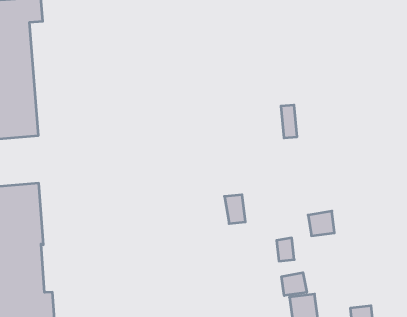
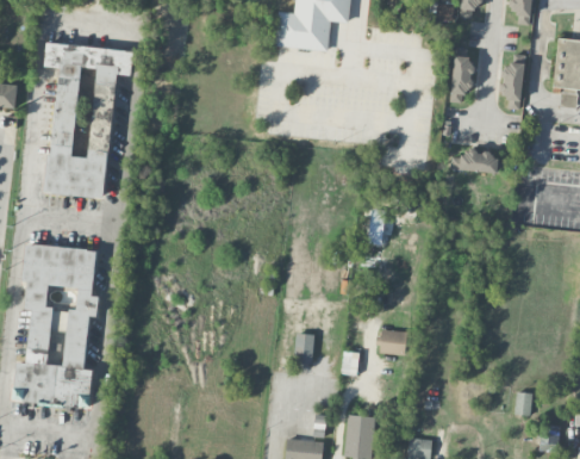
building: none -> [451,151,499,172]
building: [224,195,245,224] -> [295,333,314,364]
building: [282,273,307,296] -> none

